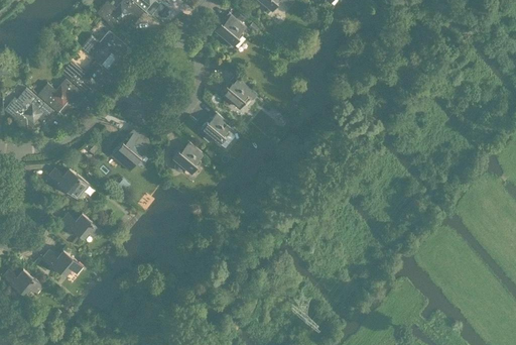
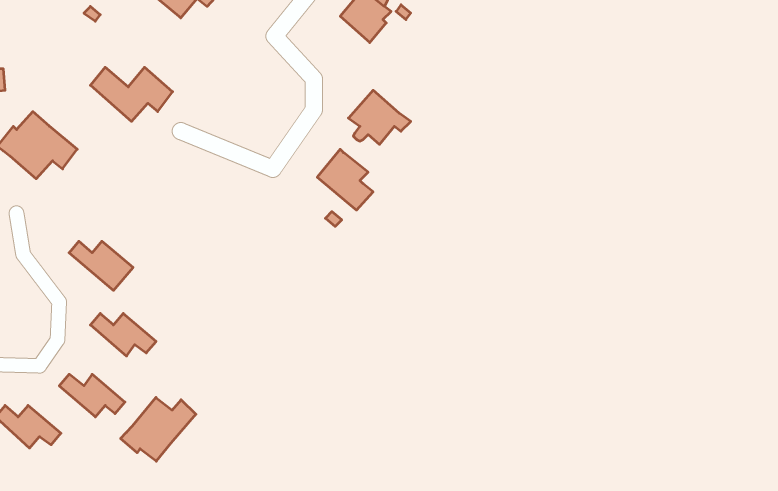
building: [81,31,127,69] -> none
building: [37,79,84,112] -> none
building: [110,126,154,171] -> none
building: [172,140,204,172] -> none
building: none -> [121,397,196,461]

